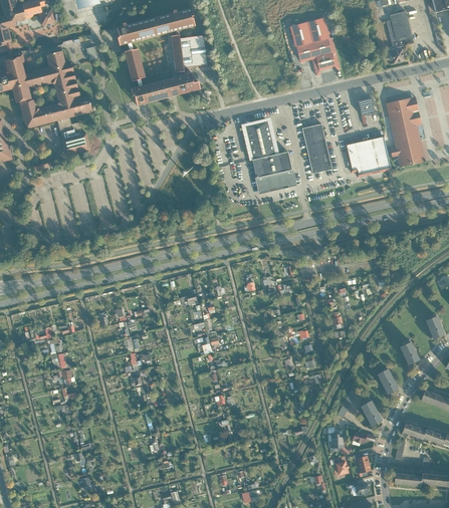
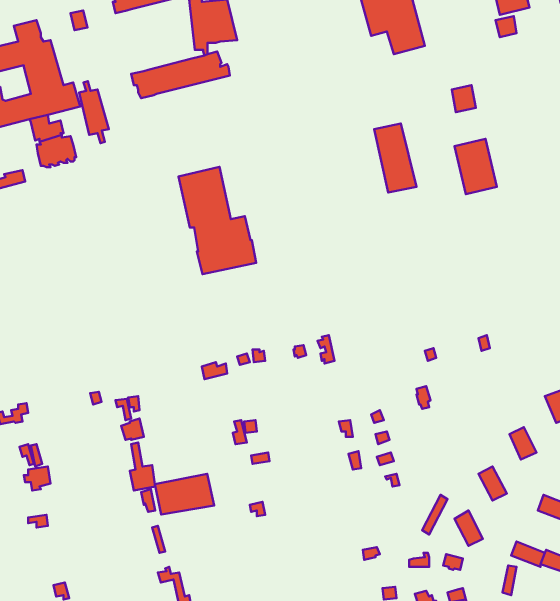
building: [125,43,146,87] -> [79,81,109,143]
building: [385,95,426,167] -> none
building: [242,117,297,194] -> [178,167,256,274]
building: [344,141,369,178] -> none
building: none -> [155,474,214,514]

